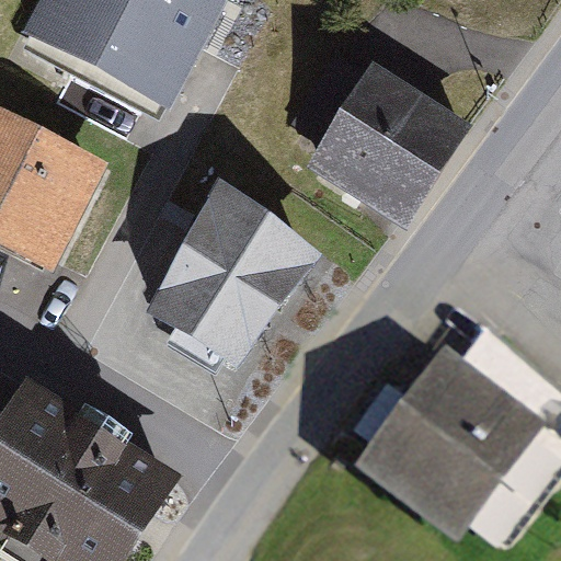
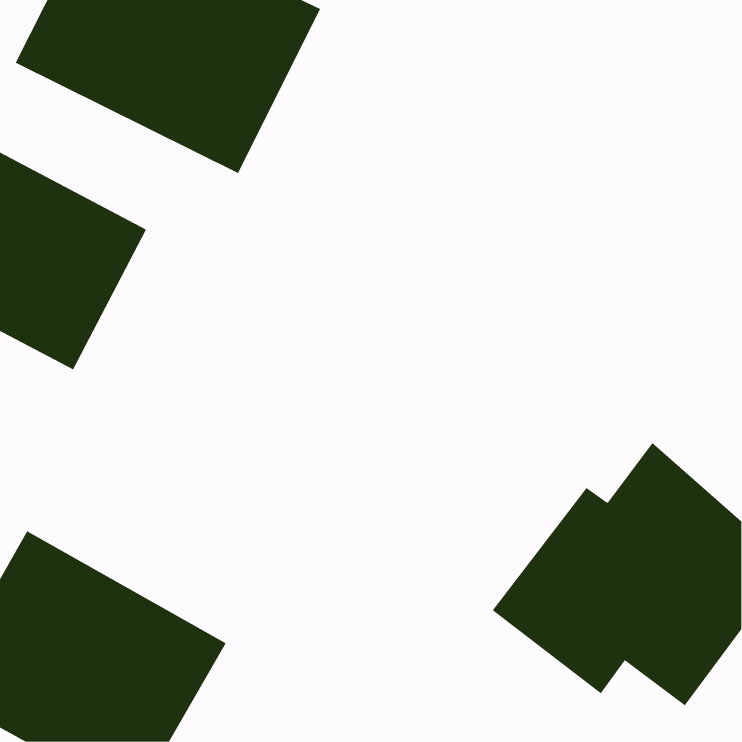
building: [307,64,459,219] -> none
building: [148,204,313,371] -> none

